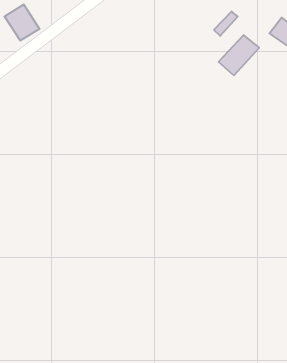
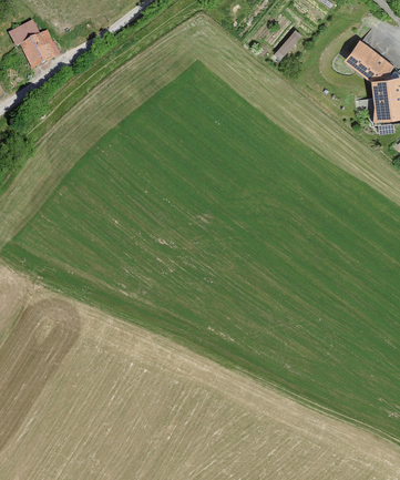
building: [219,35,259,75] -> none

